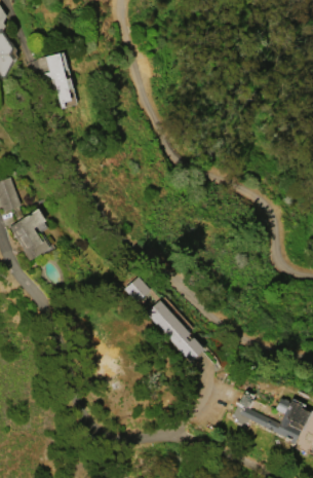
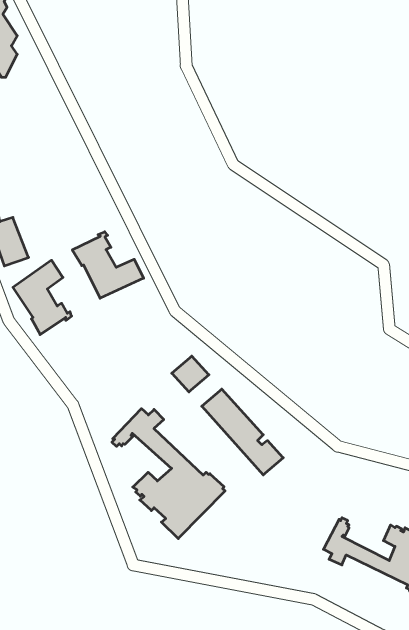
building: [45,52,73,108] -> none
building: none -> [72,232,144,298]
building: none -> [112,409,225,539]

